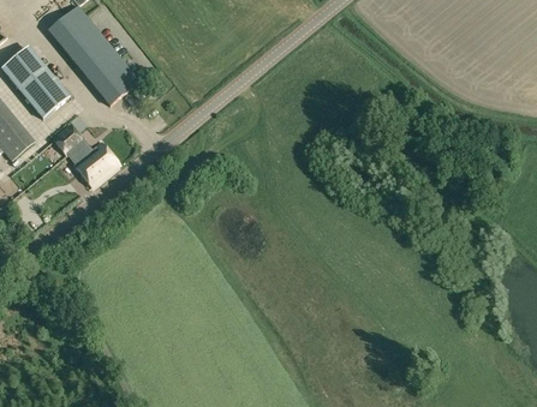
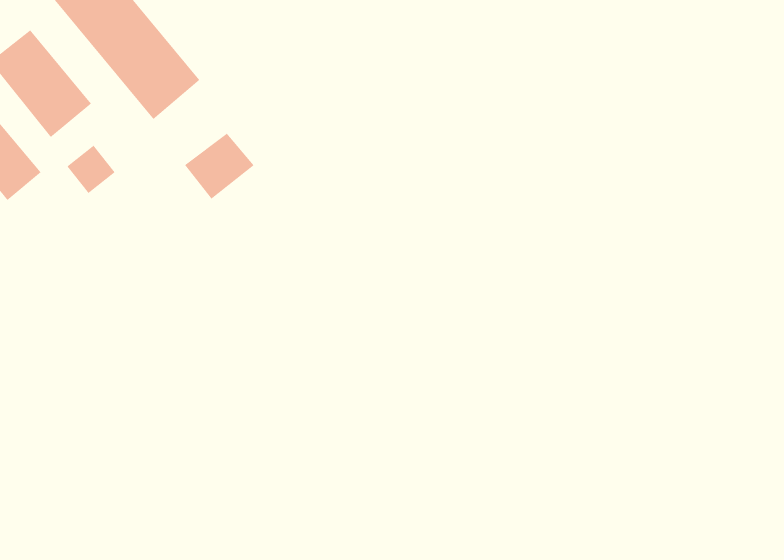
building: [73,142,120,186] -> [184,133,254,200]

